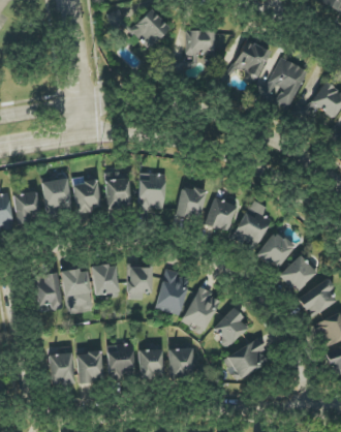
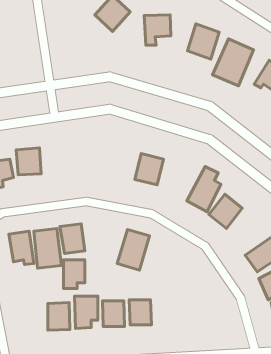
building: [137,173,164,210] -> none
building: [104,174,129,208] -> none
building: [73,179,98,213] -> none
building: [204,197,236,233] -> none
building: [278,255,315,292] -> none
building: [127,267,151,299] -> [63,260,85,288]
building: [181,287,220,334] -> none
building: [211,308,246,346] -> none
building: [222,339,269,378] -> none
building: [49,352,72,383] -> none

